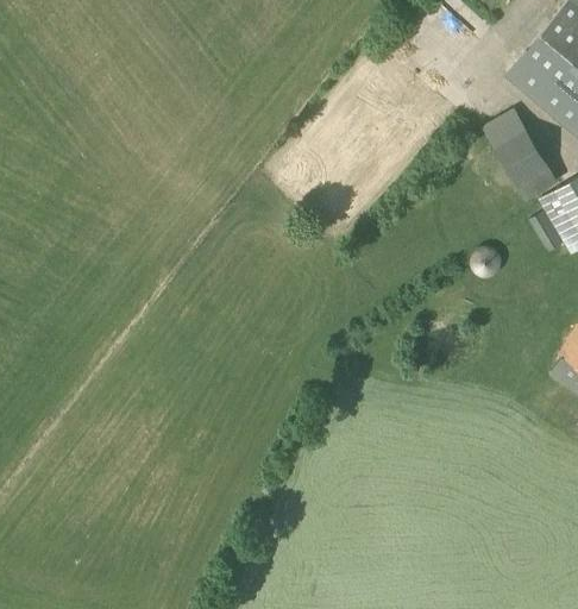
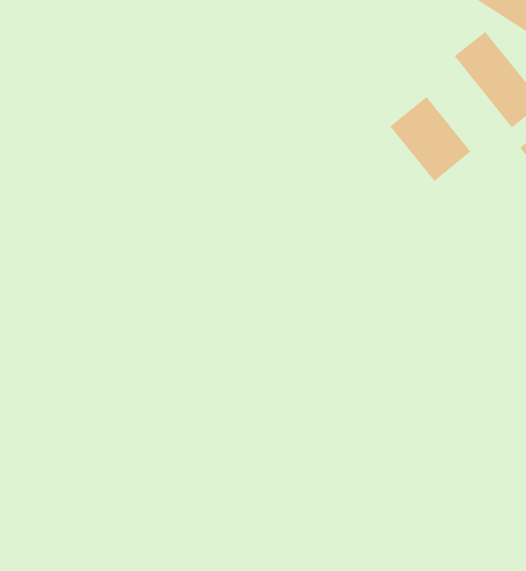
building: none -> [389,96,471,182]

